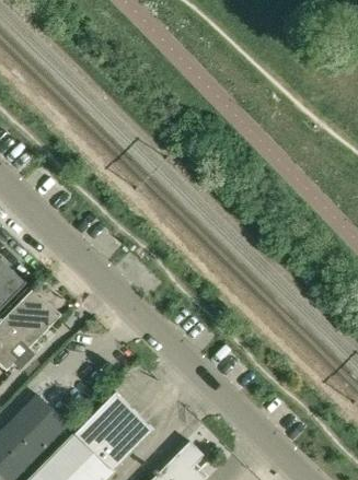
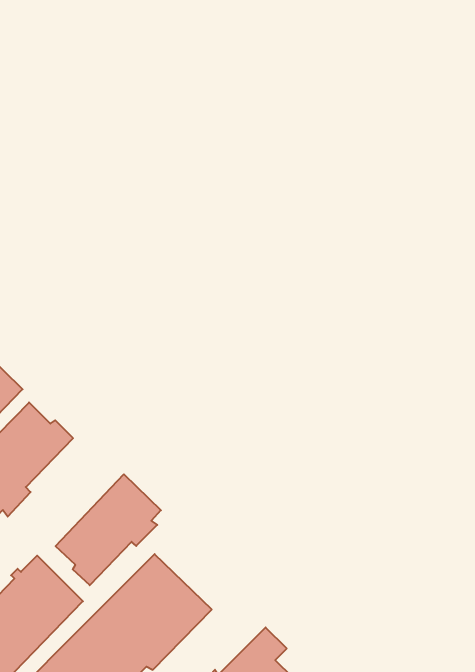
building: none -> [56,474,161,585]

